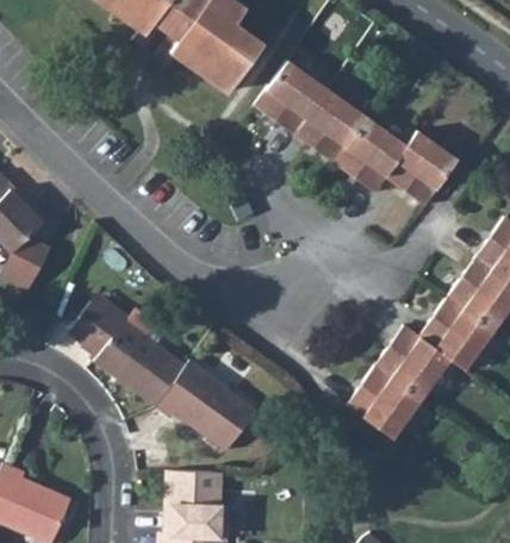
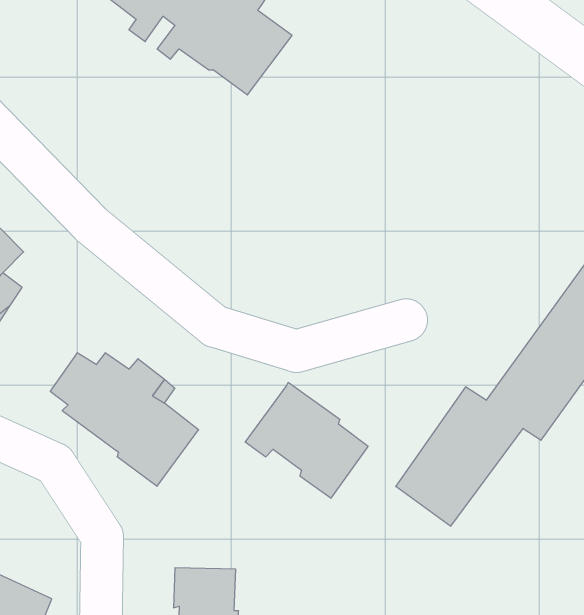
building: [254,62,456,207] -> none
building: [155,360,254,452] -> [245,383,368,498]

